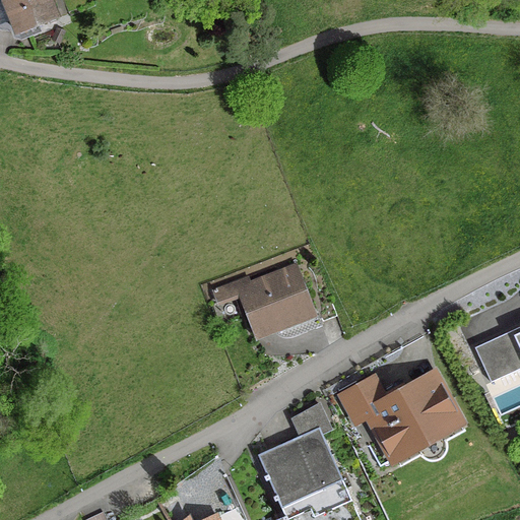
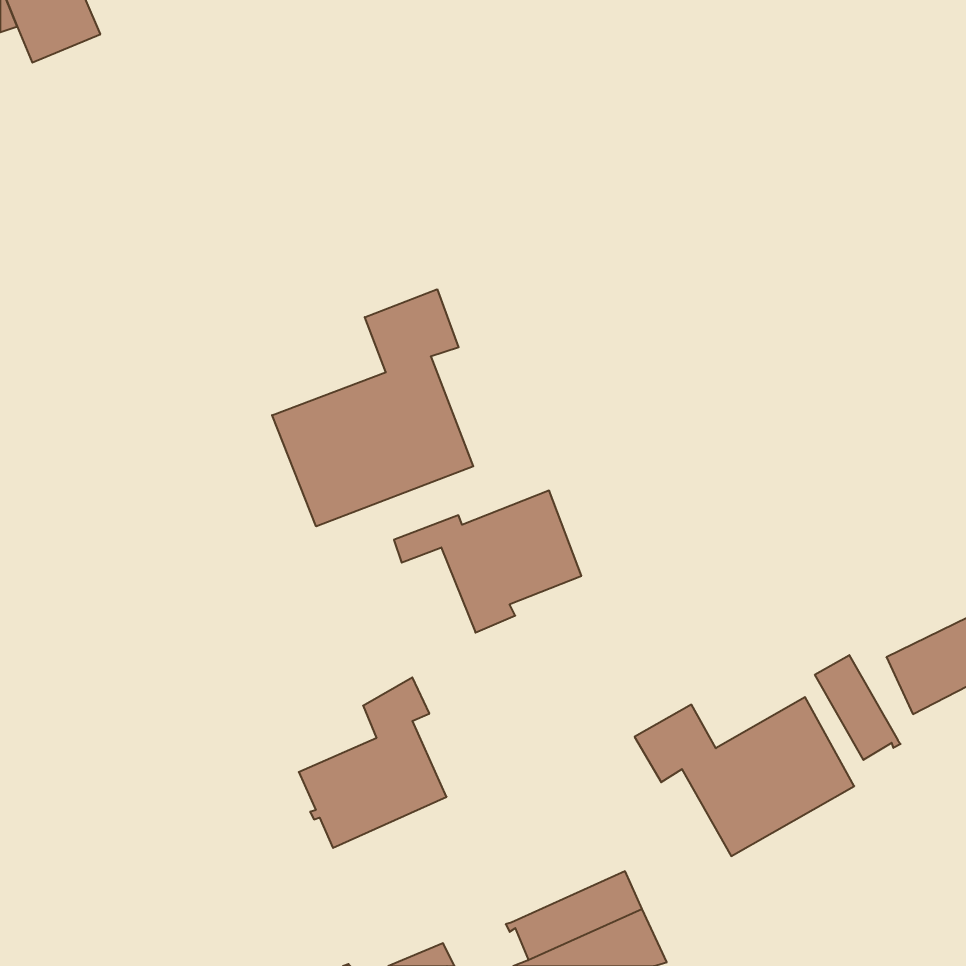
building: none -> [272,289,473,526]
building: none -> [815,655,901,760]
building: [257,403,336,495] -> [299,677,447,848]

